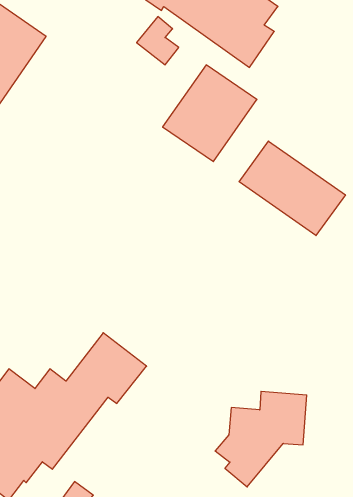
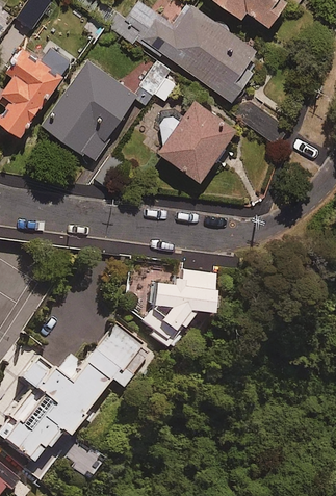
building: none -> [41,61,136,160]
building: [239,141,345,236] -> none
building: [215,391,307,487] -> [137,271,214,351]

